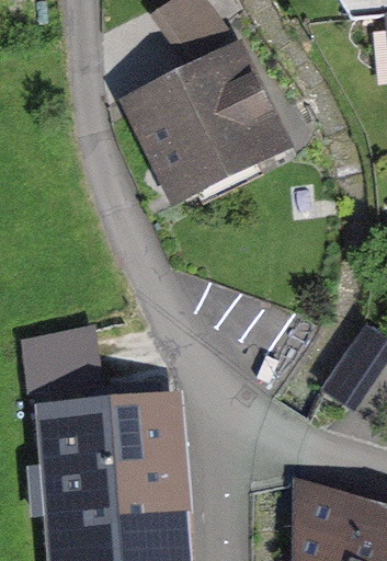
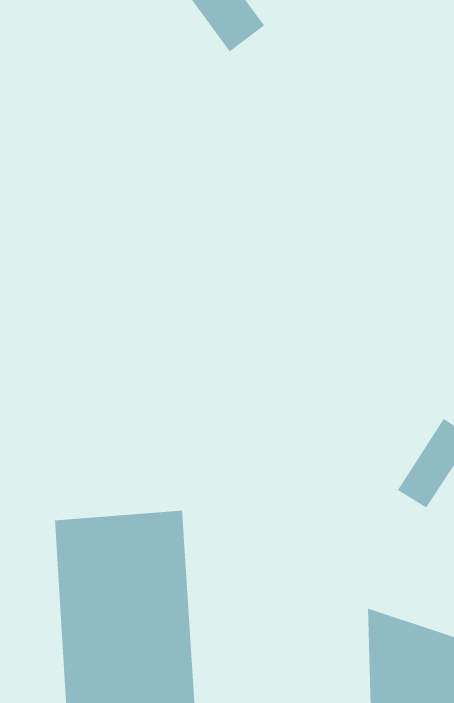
building: [135,65,257,184] -> none

